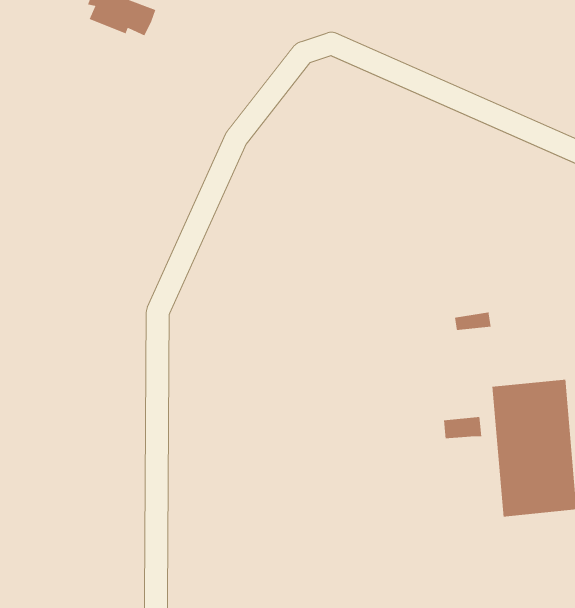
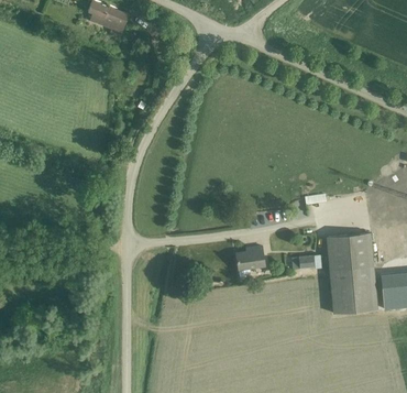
building: none -> [237,247,264,277]

